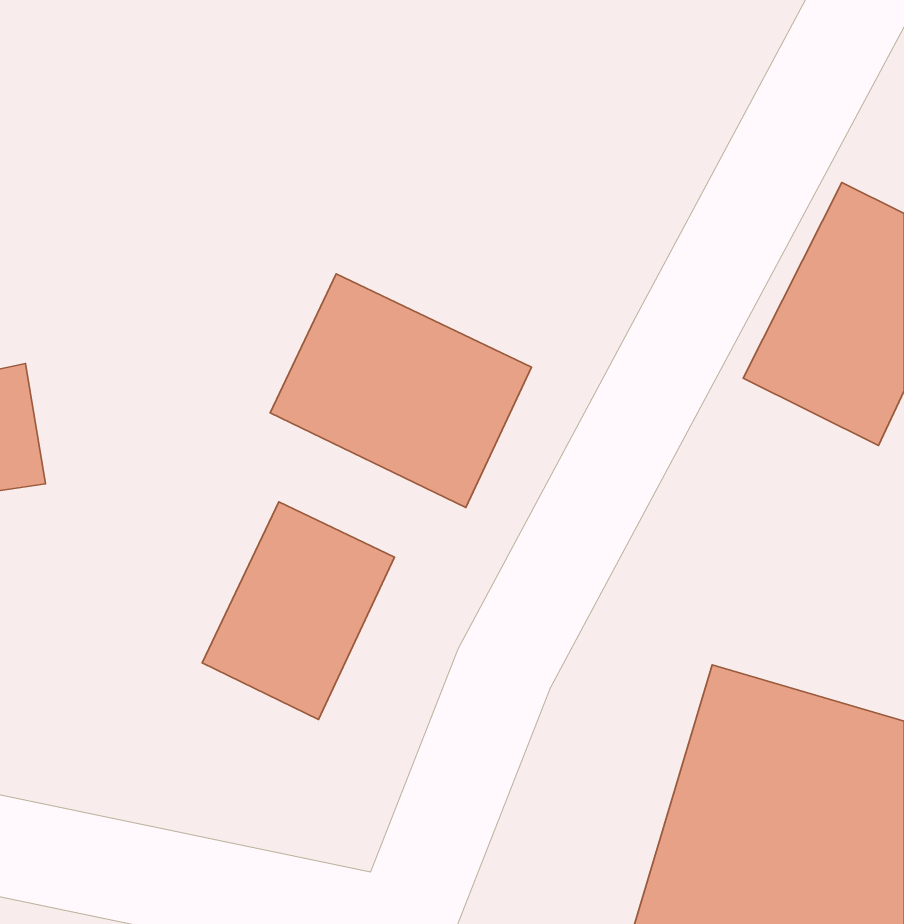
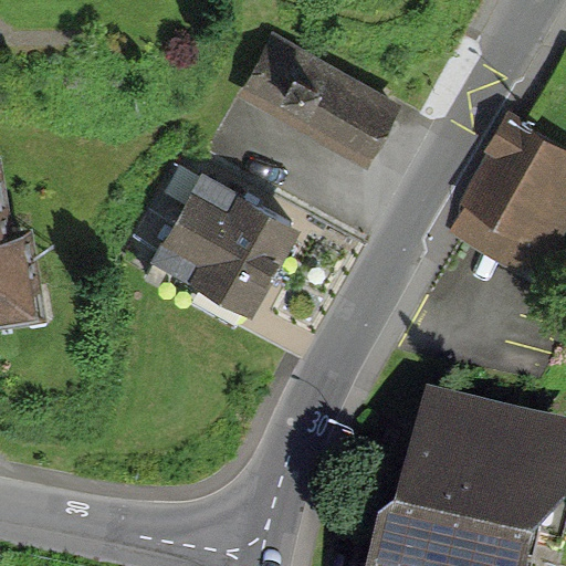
building: none -> [247,36,403,160]
building: [202,502,394,719] -> none

